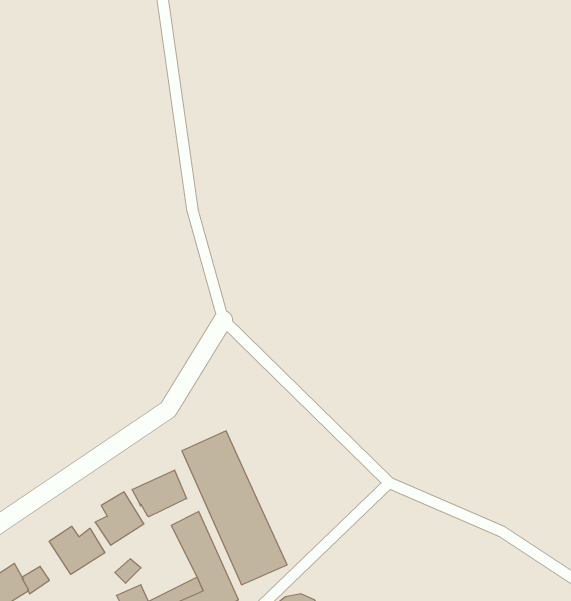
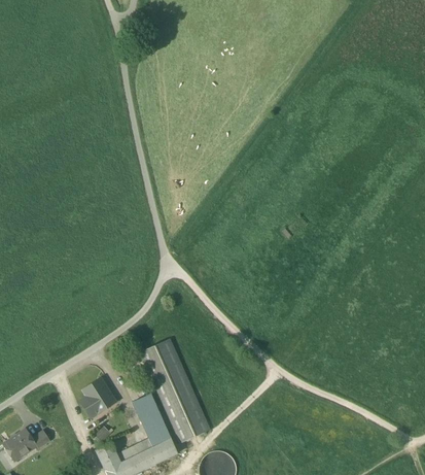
building: [132,470,187,517] -> none
building: [49,526,105,574] -> none

